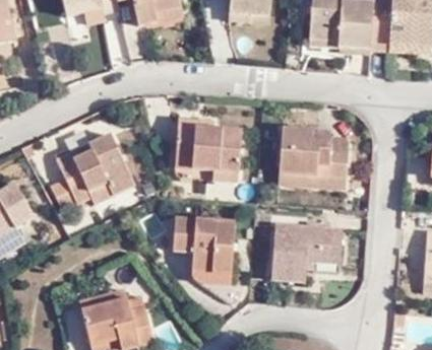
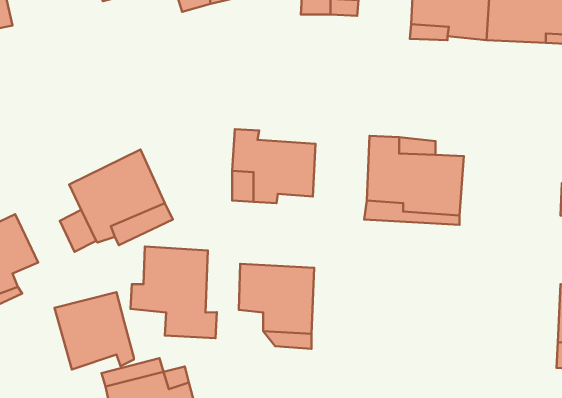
building: none -> [131,247,217,338]
building: [275,224,344,283] -> none
building: none -> [54,292,134,369]

